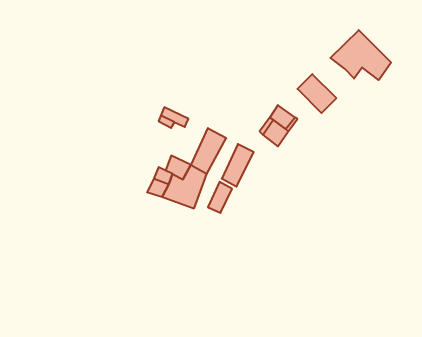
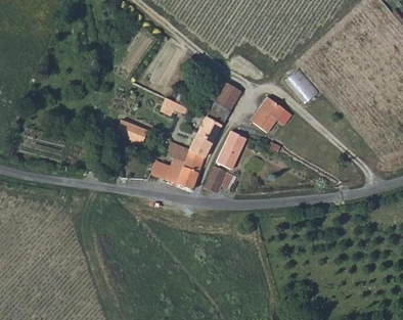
building: [330,30,391,80] -> none
building: none -> [206,83,240,126]
building: none -> [116,120,147,144]

